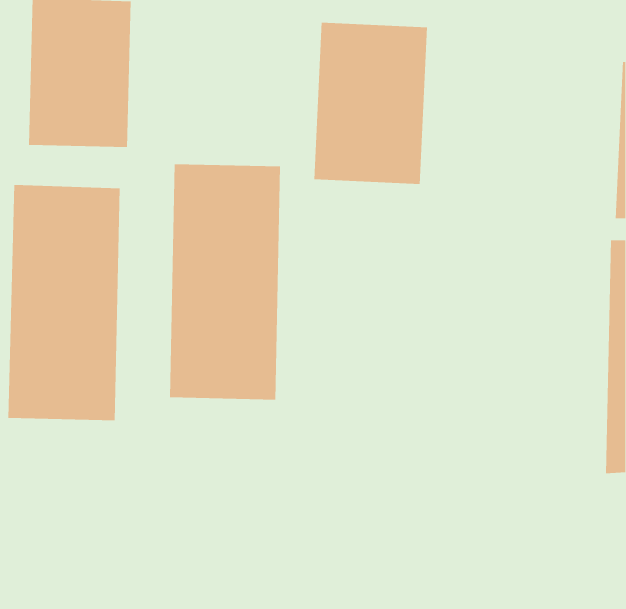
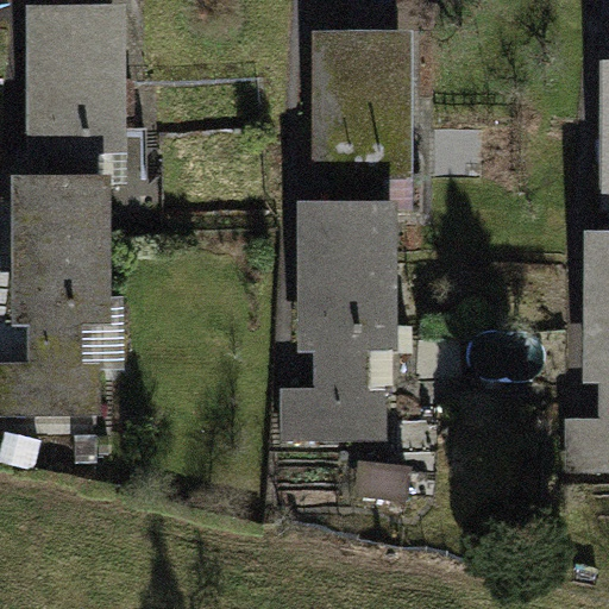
building: [169,164,281,400] -> [294,199,402,427]

